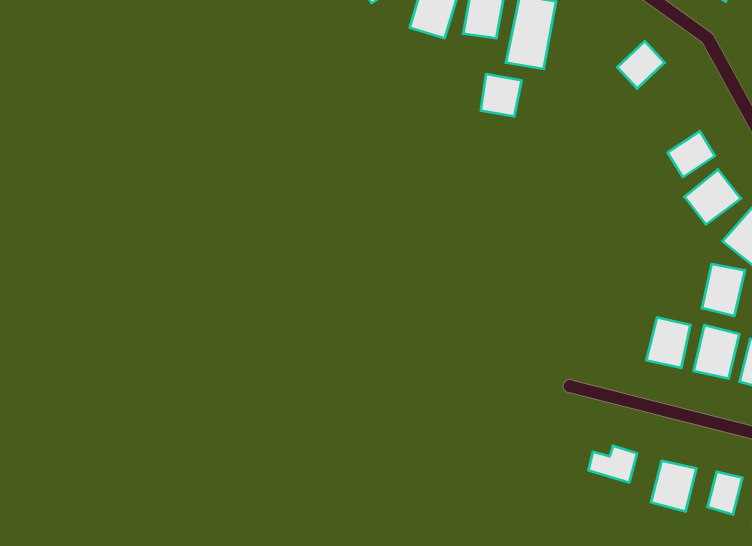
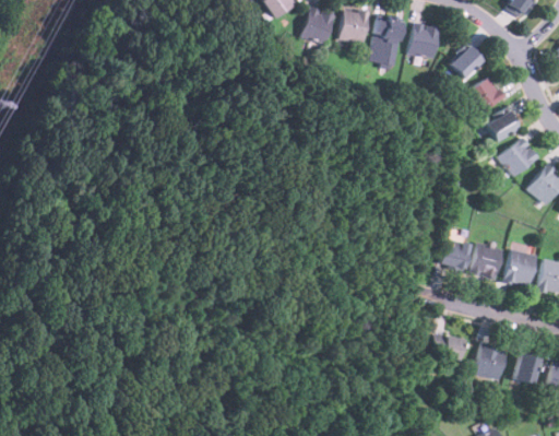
building: none -> [408,23,440,58]
building: [481,74,521,117] -> none
building: none -> [465,78,503,113]
building: [702,264,745,316] -> none
building: none -> [440,238,469,269]

